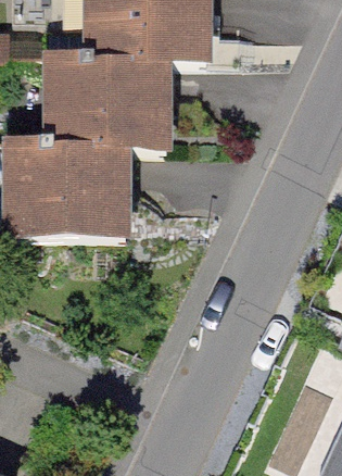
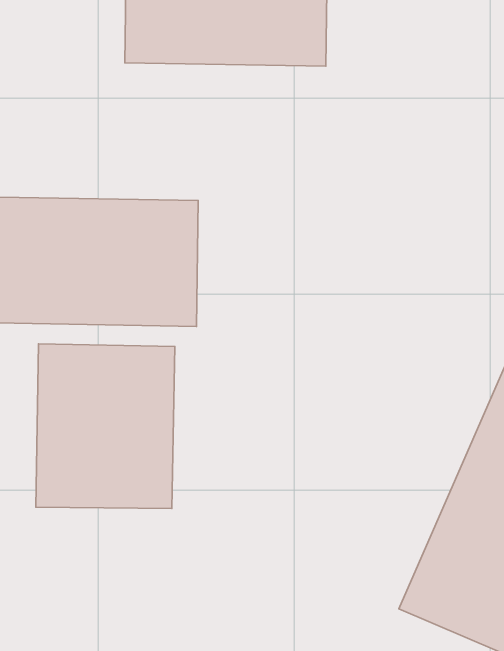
building: [43,79,173,162] -> none
building: none -> [36,344,175,508]

